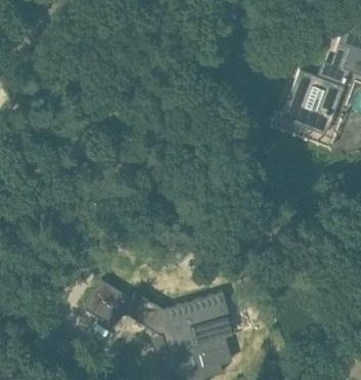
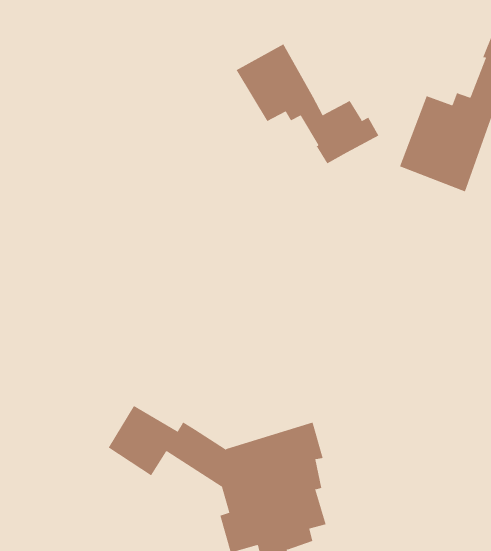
building: none -> [236,43,379,164]

